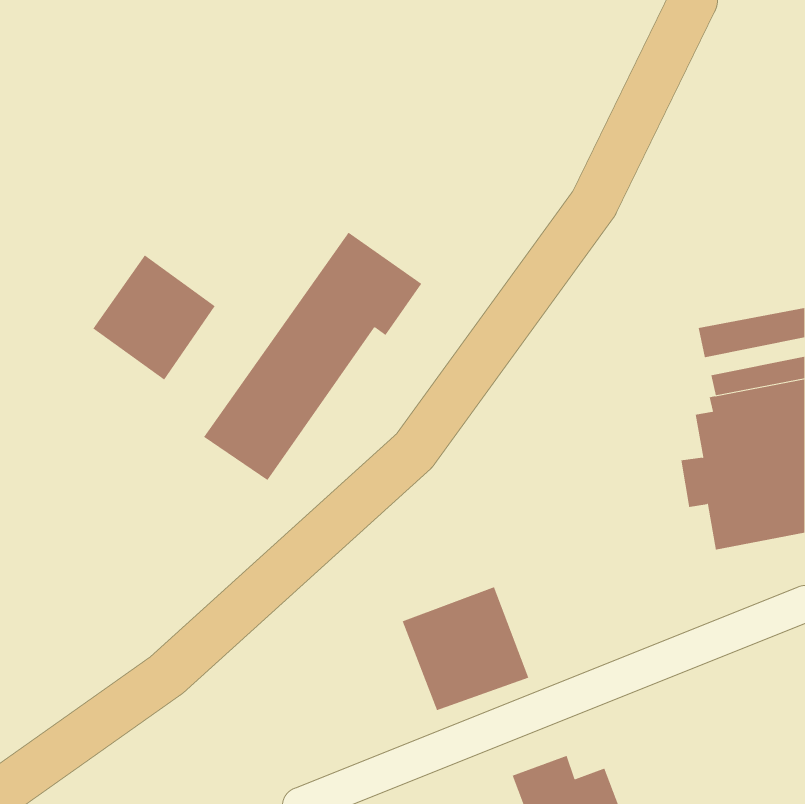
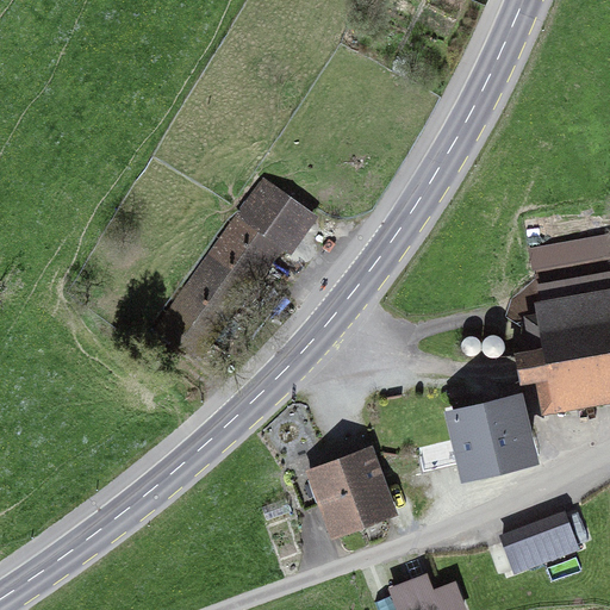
building: [92,255,215,380] -> none
building: none -> [444,390,540,479]
building: none -> [498,510,580,574]

